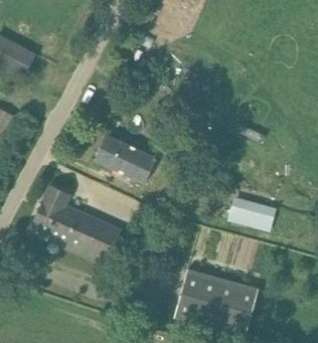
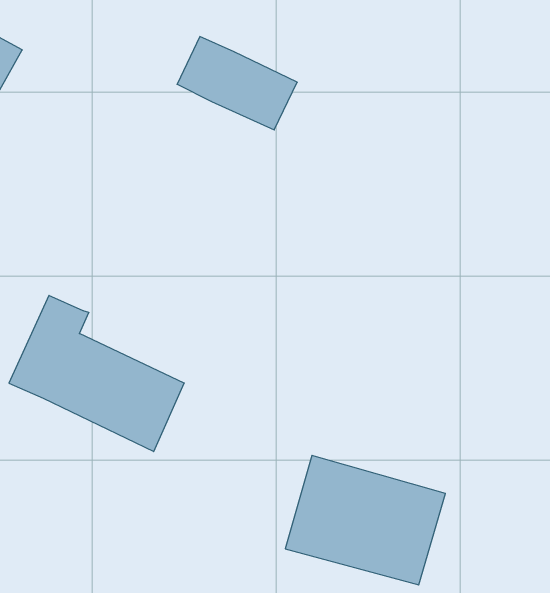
building: [94,134,157,183] -> [177,37,297,130]
building: [237,198,279,228] -> none

